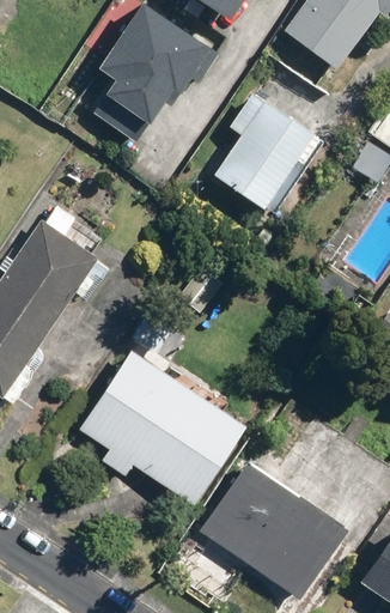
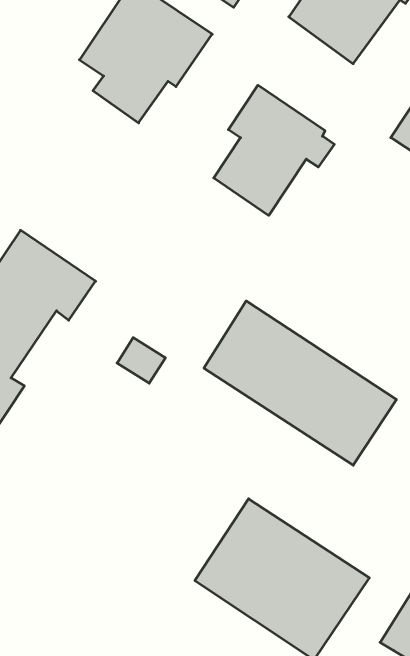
building: none -> [204,301,396,465]
building: [78,350,246,504] -> none

